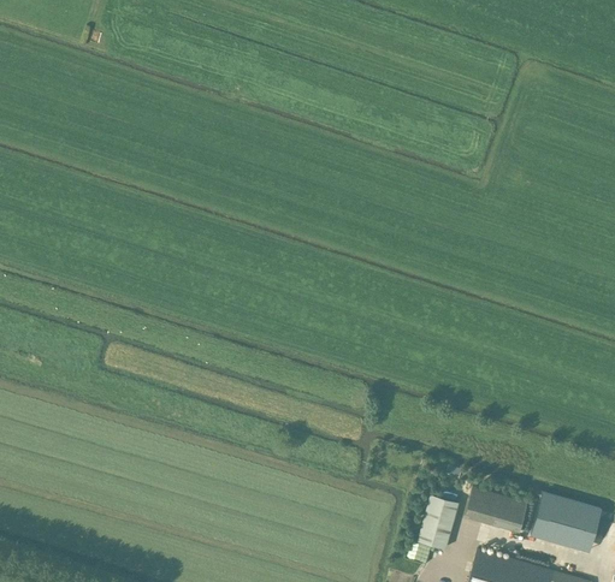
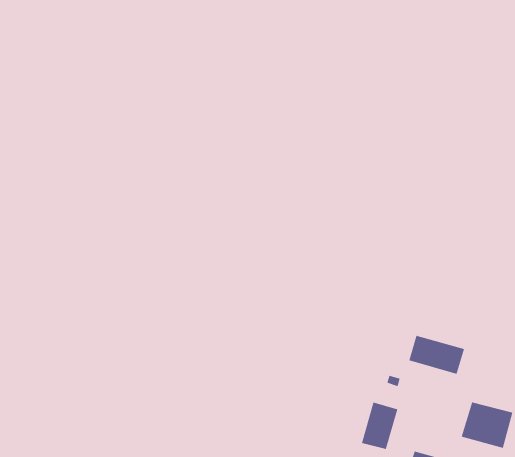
building: [466,488,530,533] -> [408,335,465,374]

